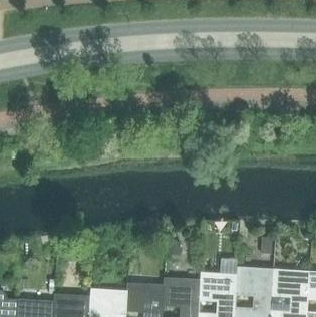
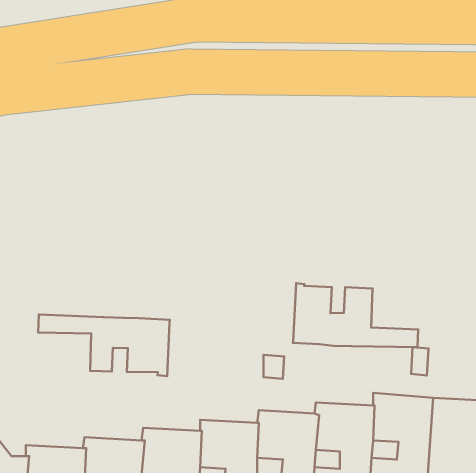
building: none -> [293,283,418,347]
building: none -> [38,315,170,376]

